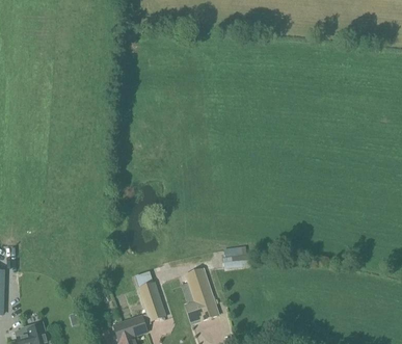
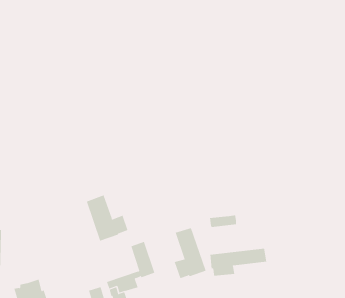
building: none -> [86,194,128,241]
building: none -> [210,248,267,277]

